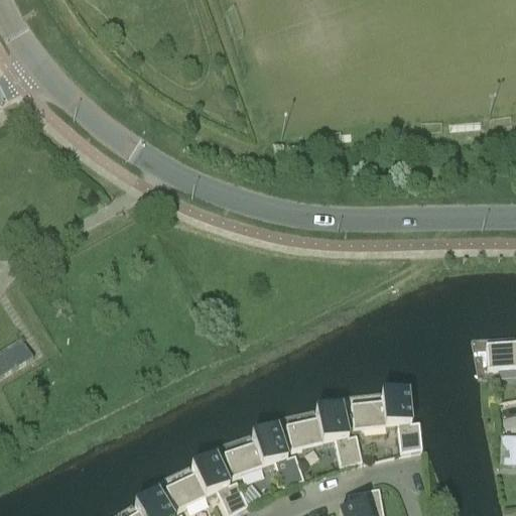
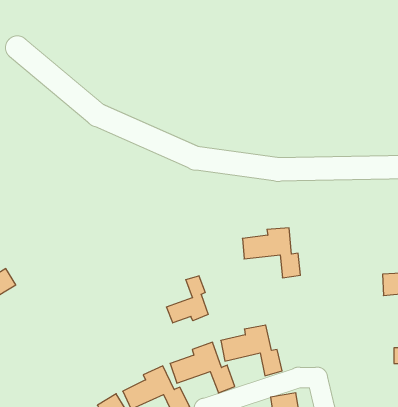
building: none -> [167,276,208,323]
building: [351,388,422,449] -> [242,228,300,278]

